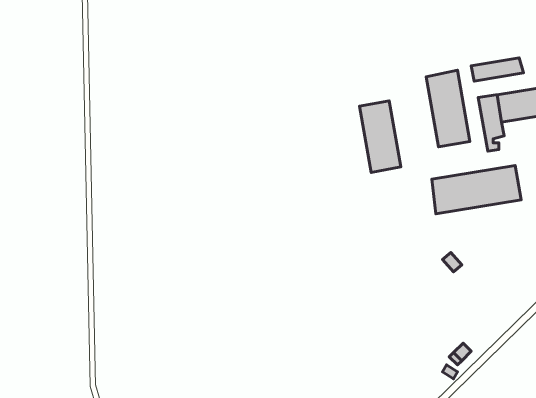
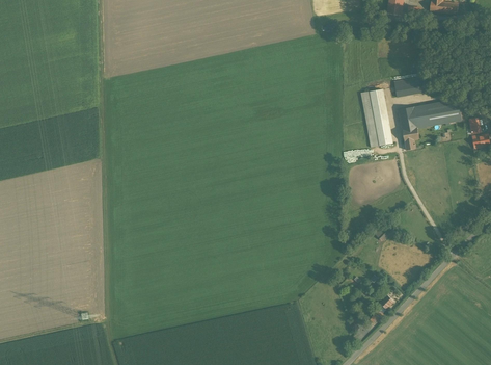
building: [360,101,401,172] -> none
building: [432,166,521,214] -> none

